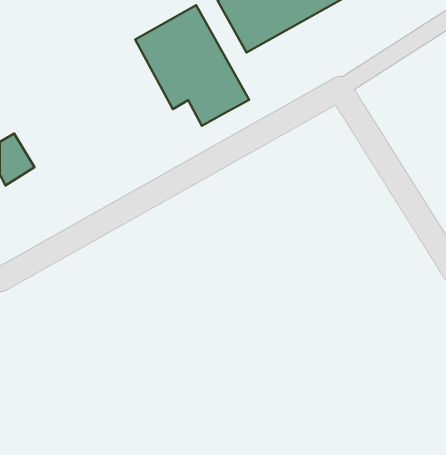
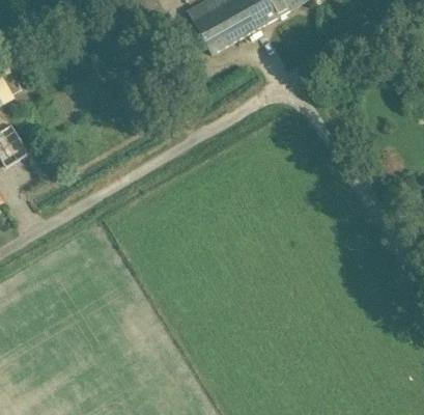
building: [135,5,249,126] -> none

